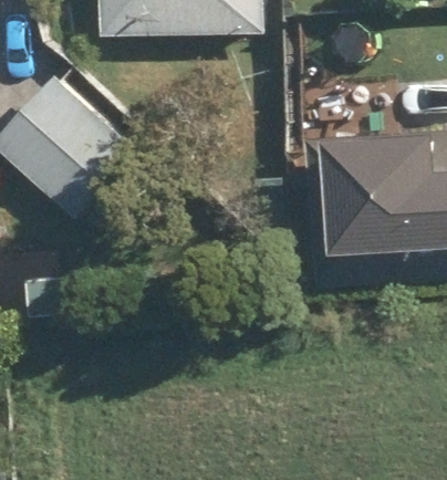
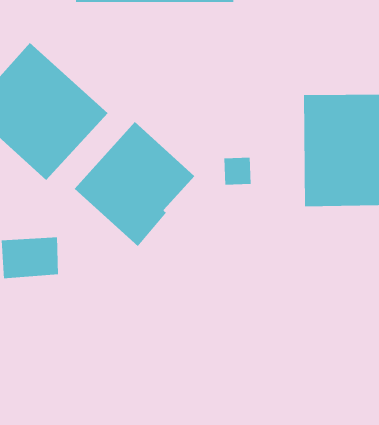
building: none -> [74,121,195,247]

